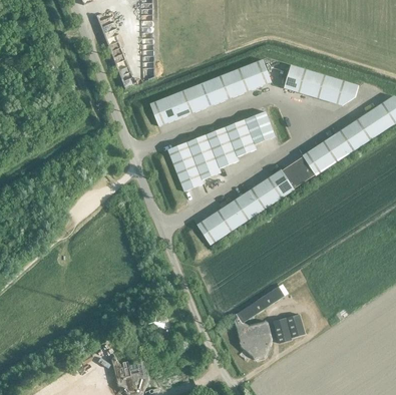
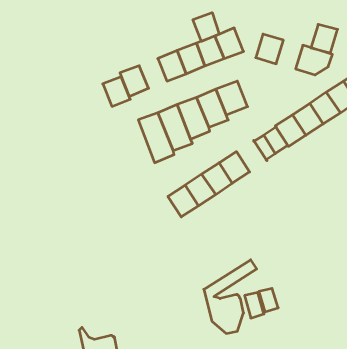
building: none -> [193,13,219,41]
building: [304,70,330,98] -> [311,24,338,53]
building: [169,88,196,117] -> [103,77,130,106]
building: [265,168,295,200] -> none

